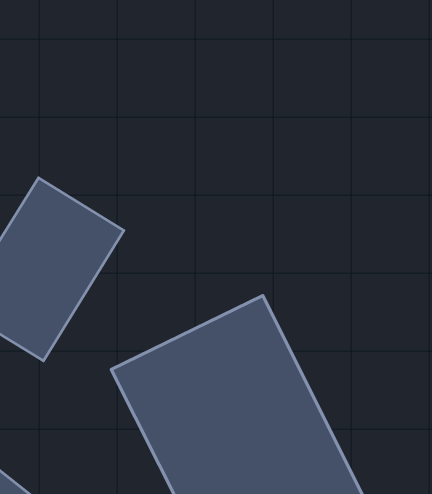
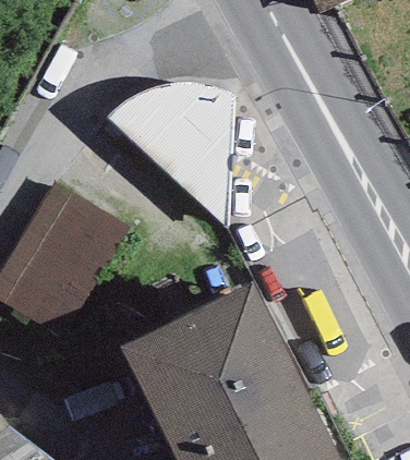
building: none -> [108,81,236,226]

